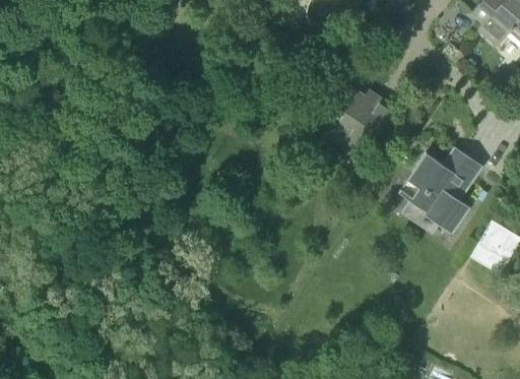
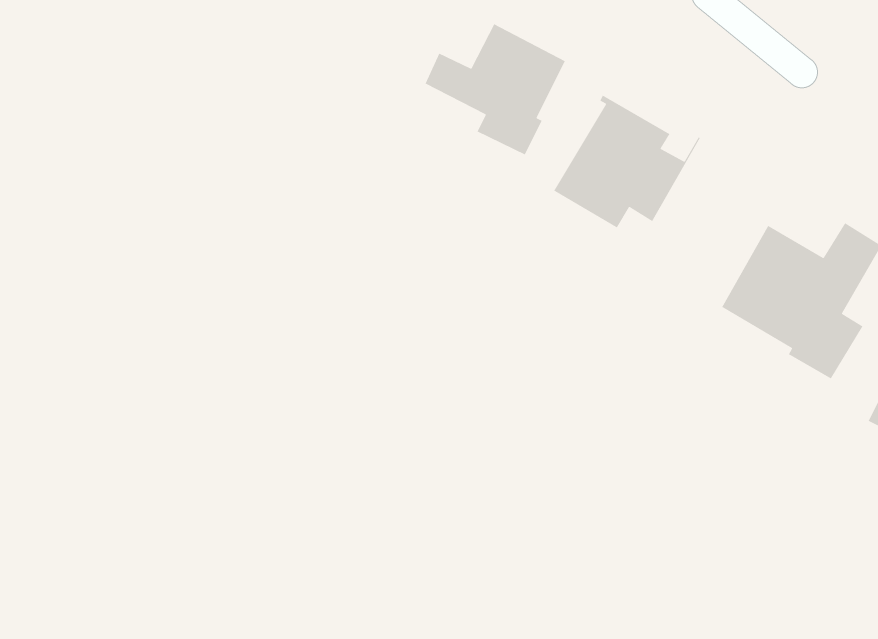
building: none -> [424,23,566,155]

